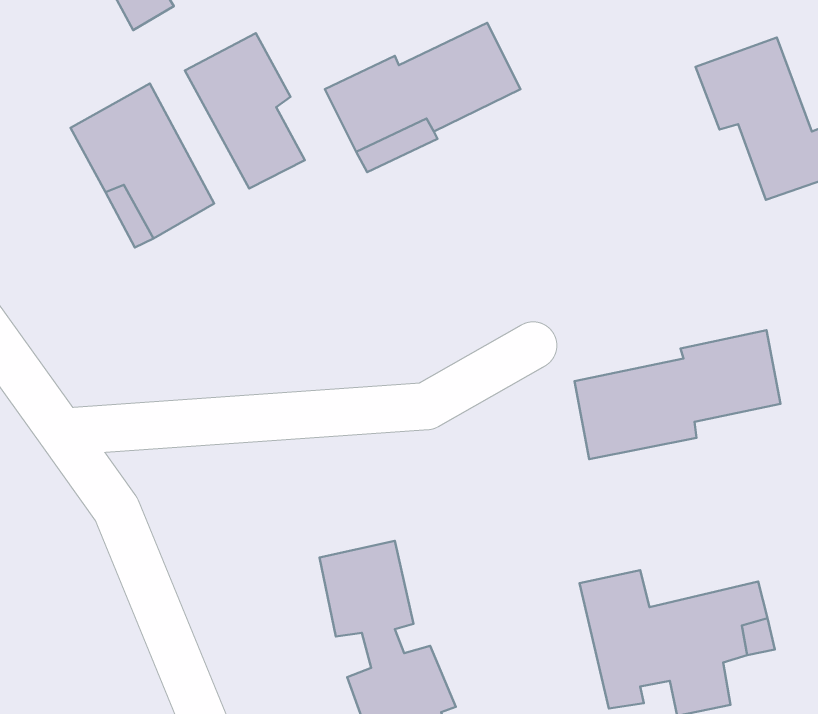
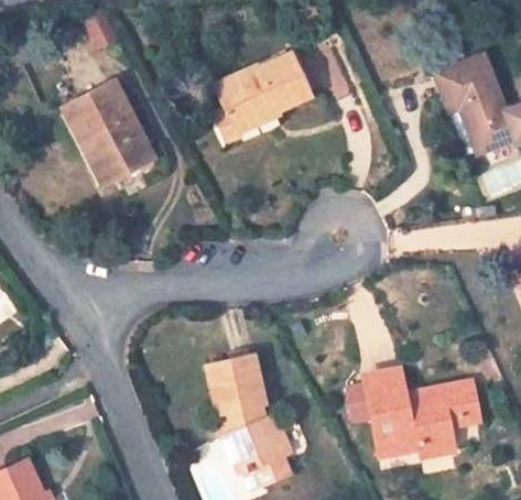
building: [185,33,305,188] -> none
building: [575,330,781,459] -> none

